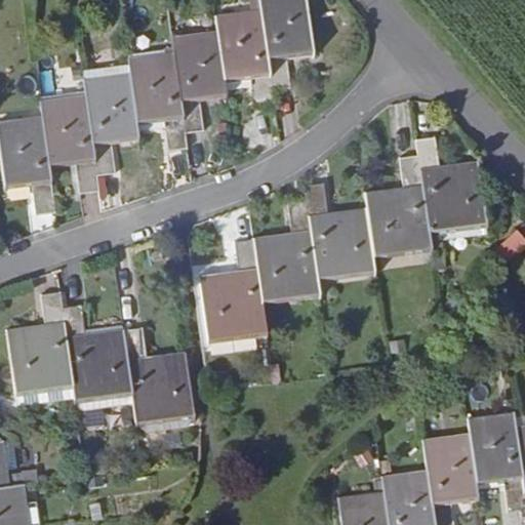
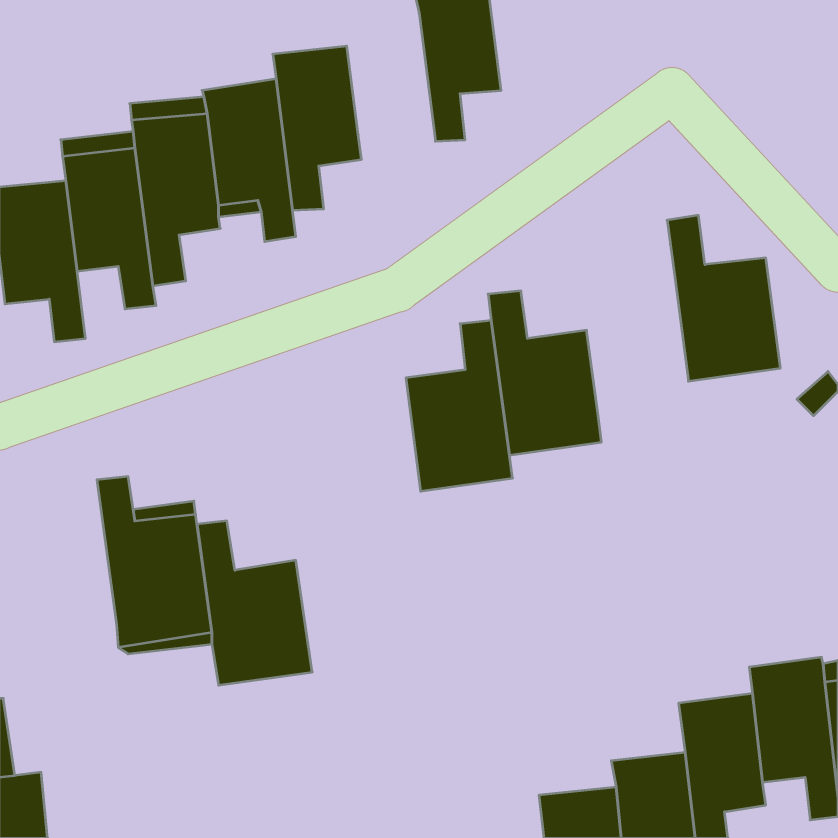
building: [214,8,273,106] -> none
building: [364,153,432,259] -> none
building: [199,236,267,345] -> none
building: [5,289,73,398] -> none

